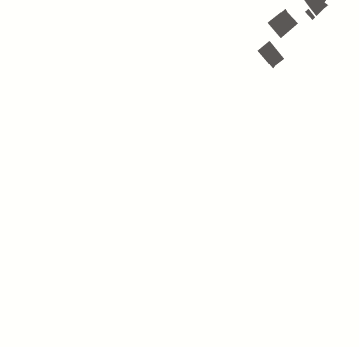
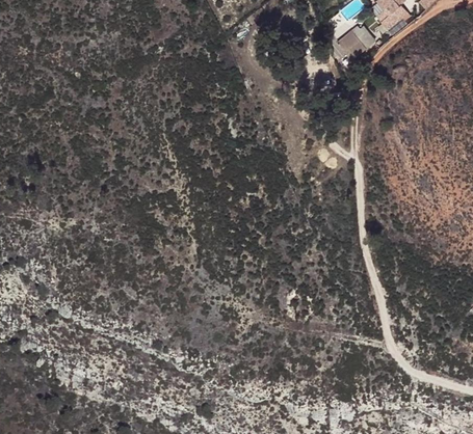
building: [257,40,285,69] -> none

